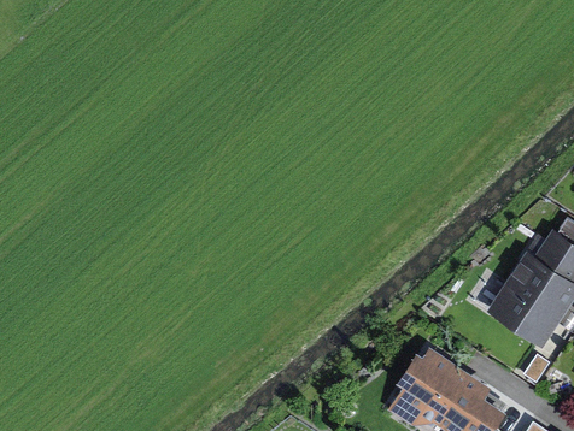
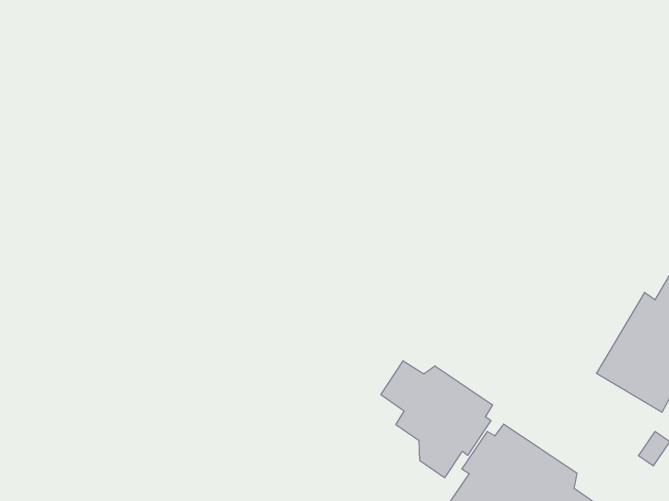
building: none -> [381,361,493,478]

